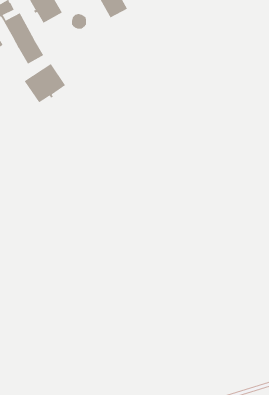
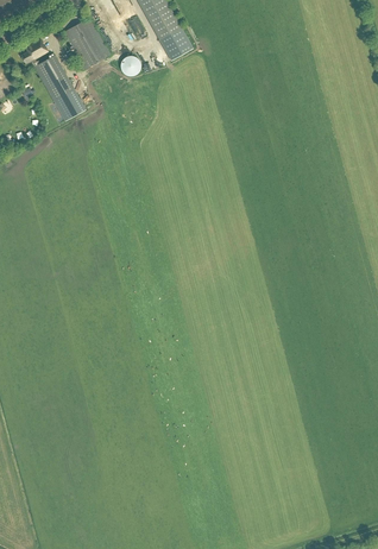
building: [24,63,66,103] -> none

